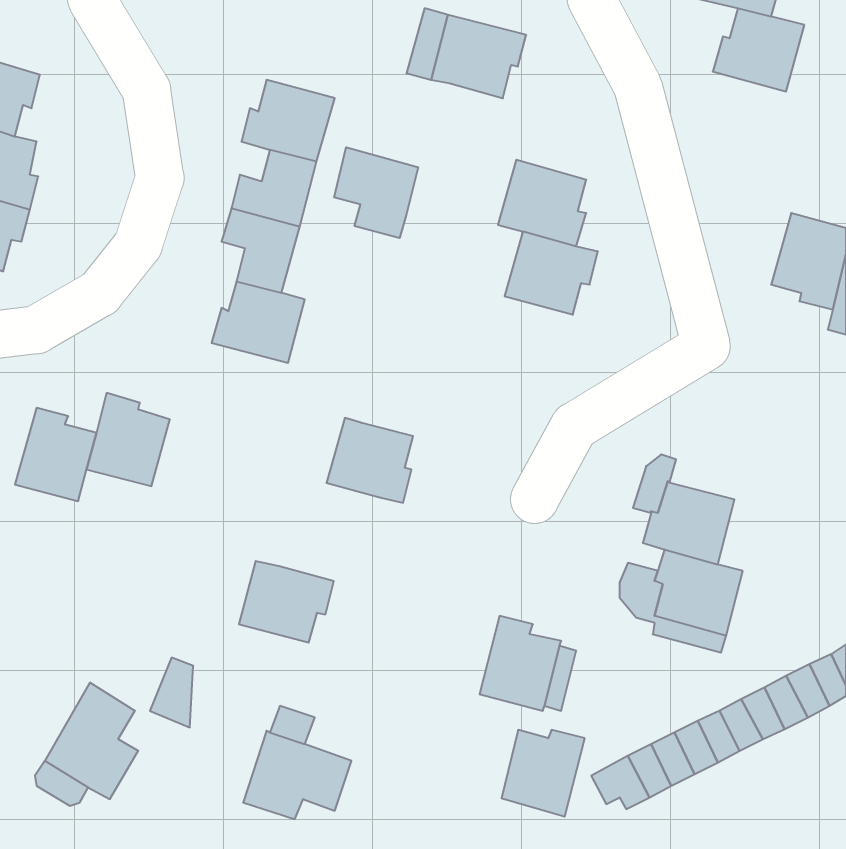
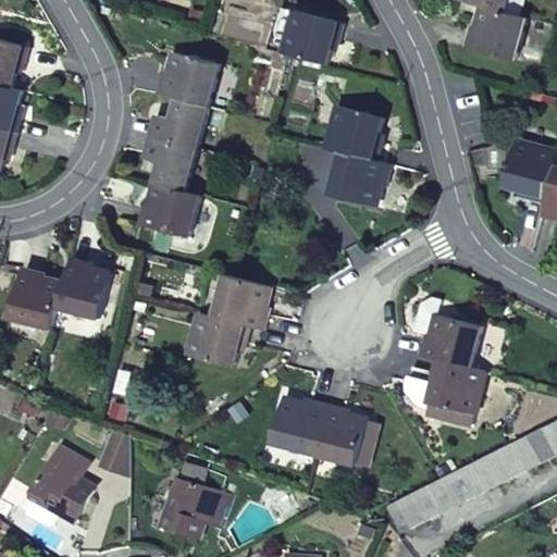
building: [334,147,418,238] -> none
building: [239,561,334,643] -> [187,312,249,366]
building: [502,730,585,817] -> [272,397,326,454]

